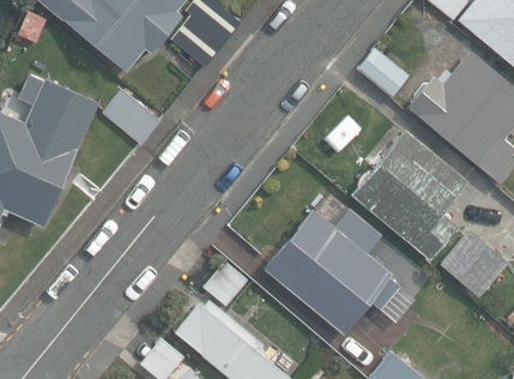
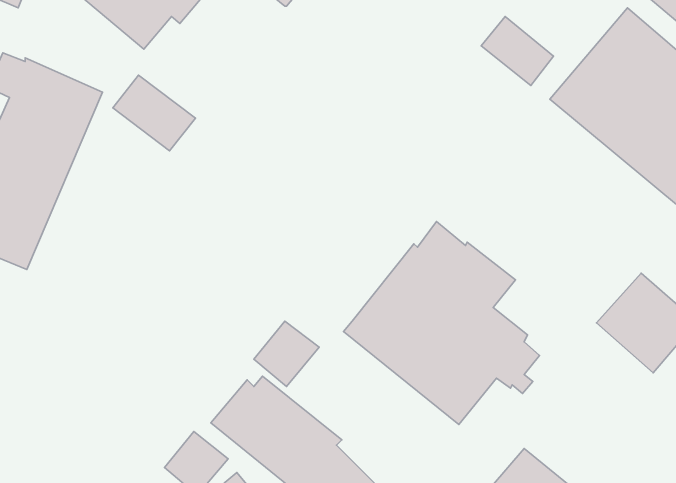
building: [351,128,470,260] -> none

